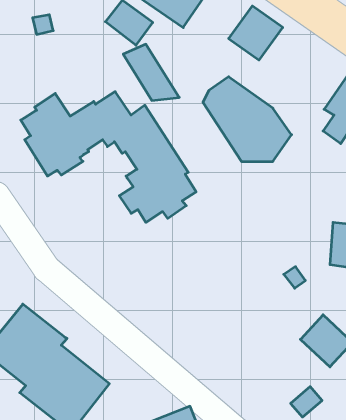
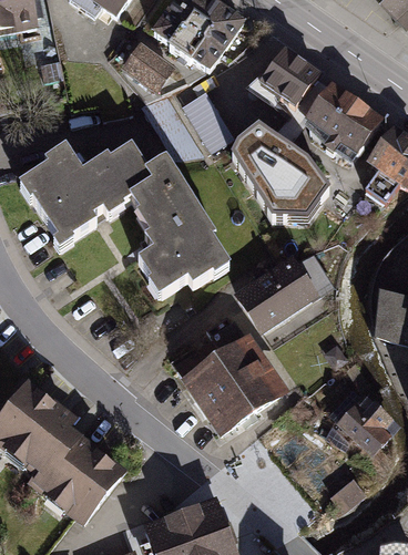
building: none -> [300,80,384,162]
building: none -> [181,88,233,148]
building: none -> [231,250,337,337]
building: none -> [169,318,285,436]

